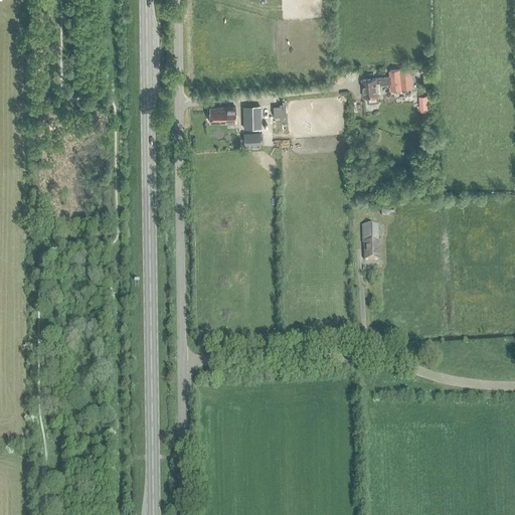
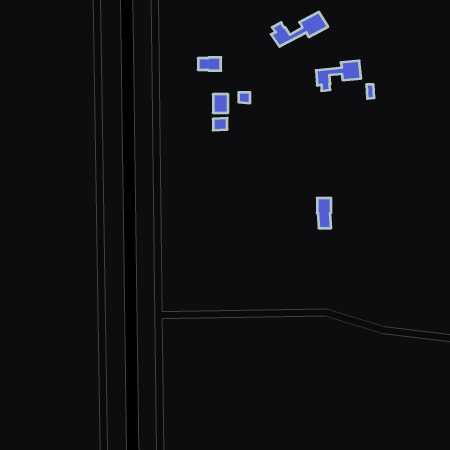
building: none -> [271,12,328,47]
building: [209,108,235,123] -> [198,57,221,71]

